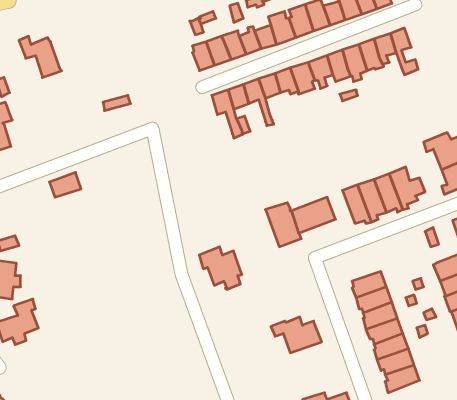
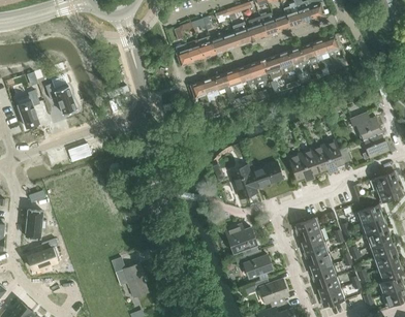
building: [19,36,62,78] -> [45,83,77,114]
building: [199,247,242,289] -> [225,223,257,255]
building: none -> [112,257,148,296]
building: none -> [255,278,287,306]

